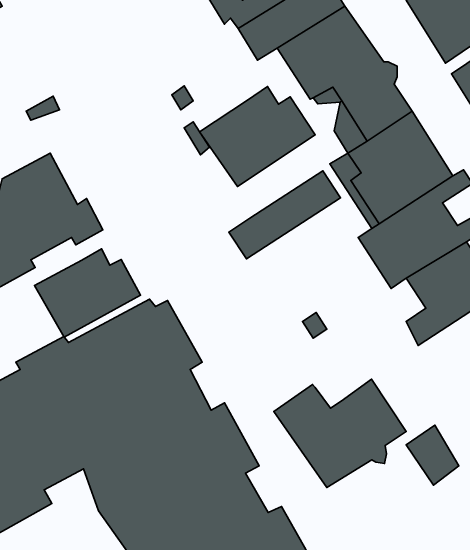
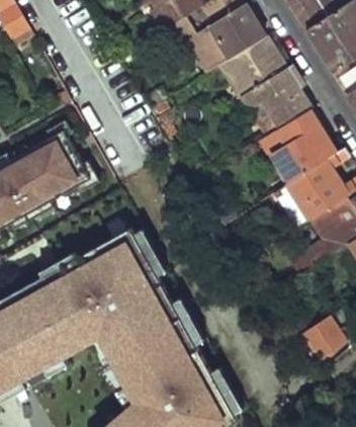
building: [199,86,315,186] -> none
building: [229,171,341,259] -> none
building: [34,249,141,337] -> none
building: [274,379,406,487] -> none

